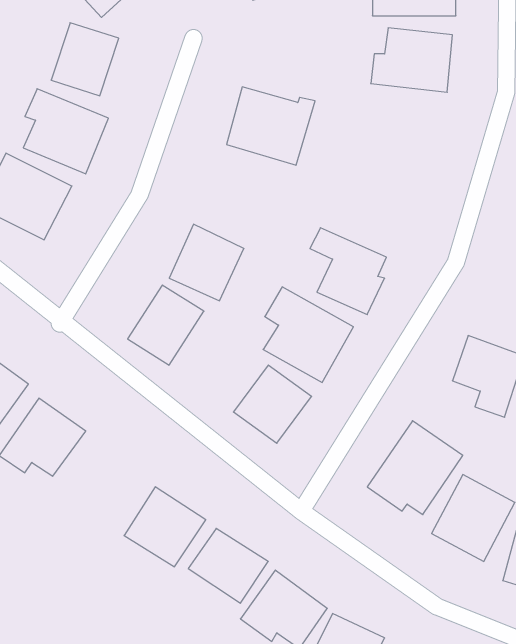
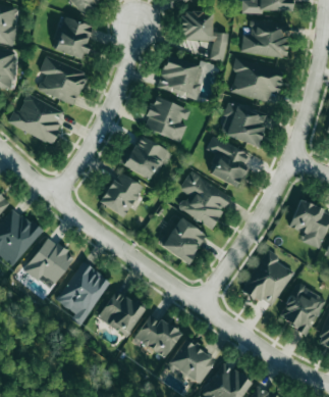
building: none -> [180,13,226,61]
building: none -> [231,58,284,103]
building: none -> [143,97,190,143]
building: none -> [220,101,269,148]
building: none -> [57,263,110,328]

